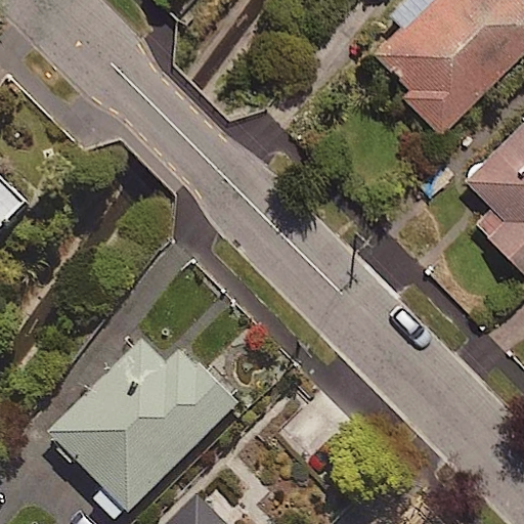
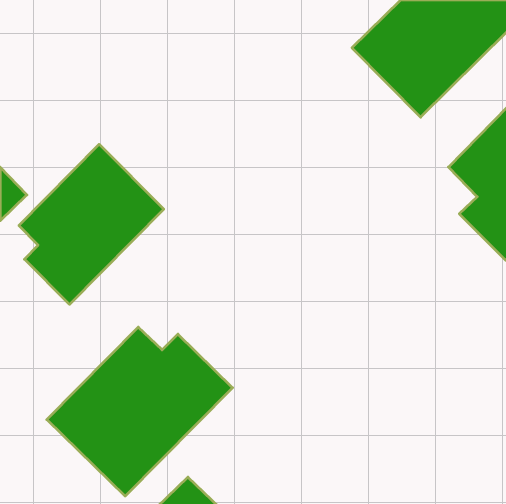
building: none -> [19,144,164,304]

